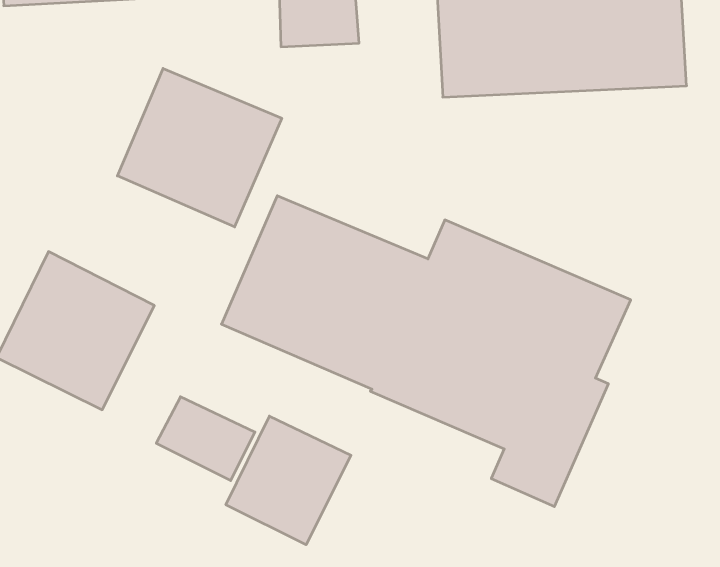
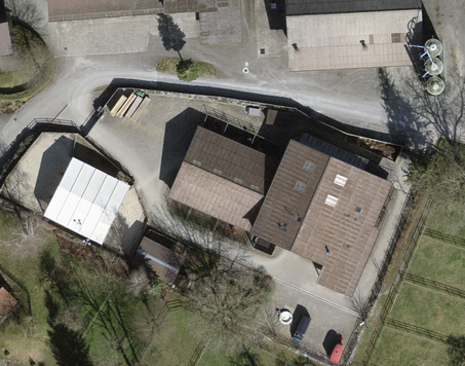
building: [117,68,282,227] -> none
building: [226,416,351,545] -> none

